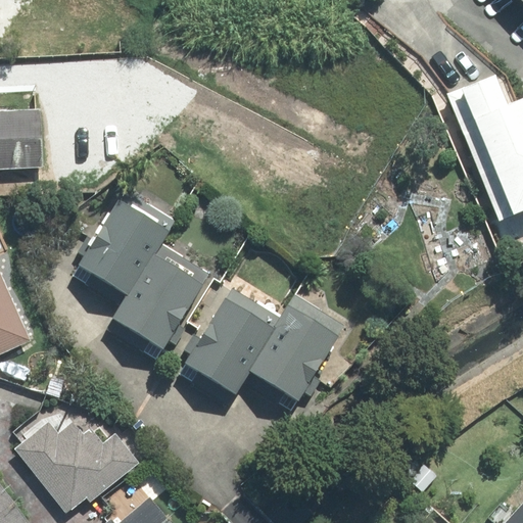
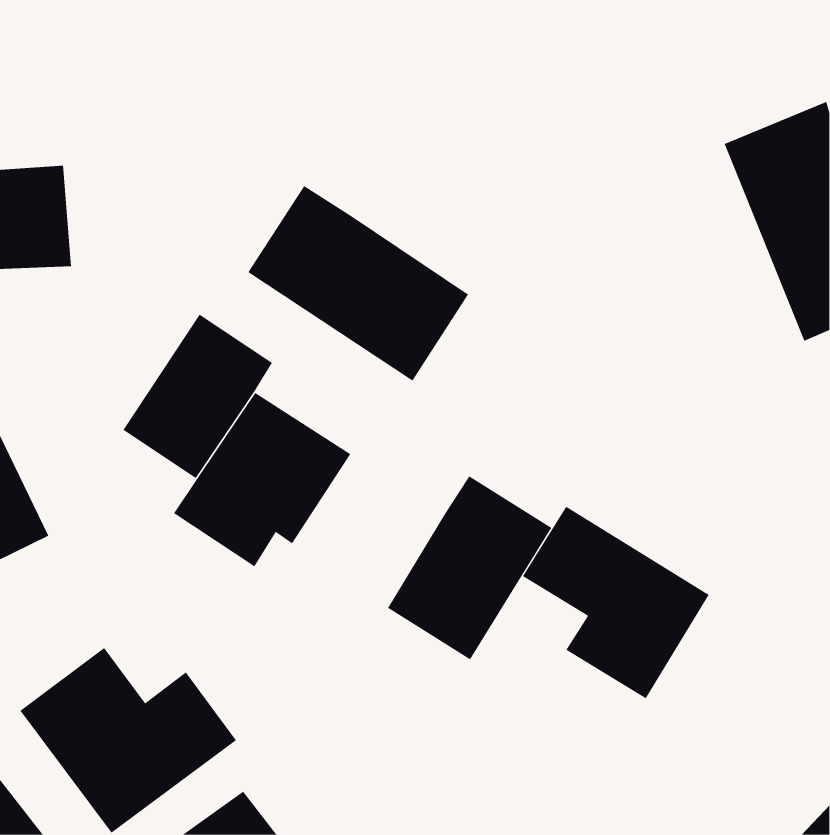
building: none -> [248,185,469,381]
building: [178,284,278,400] -> none
building: none -> [522,506,710,699]

